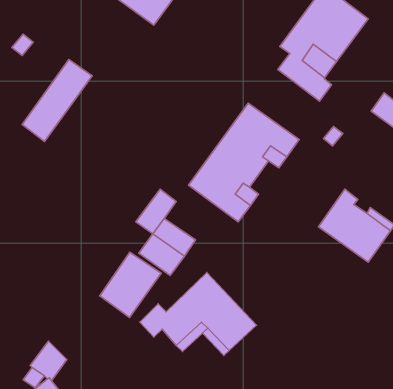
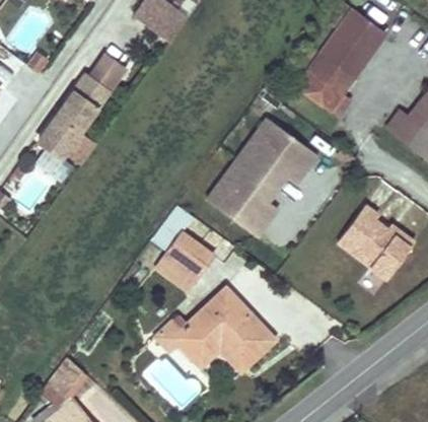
building: none -> [86,48,129,90]
building: [100,252,161,317] -> none

